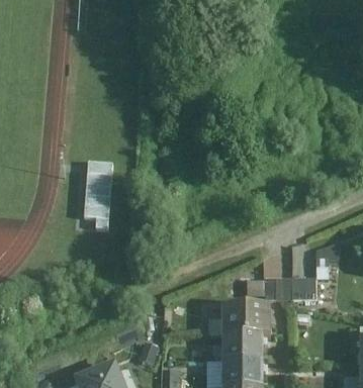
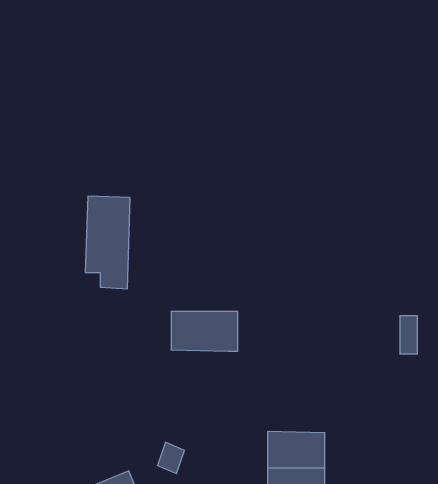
building: [262,275,314,297] -> none
building: [219,303,269,332] -> [171,312,238,351]

